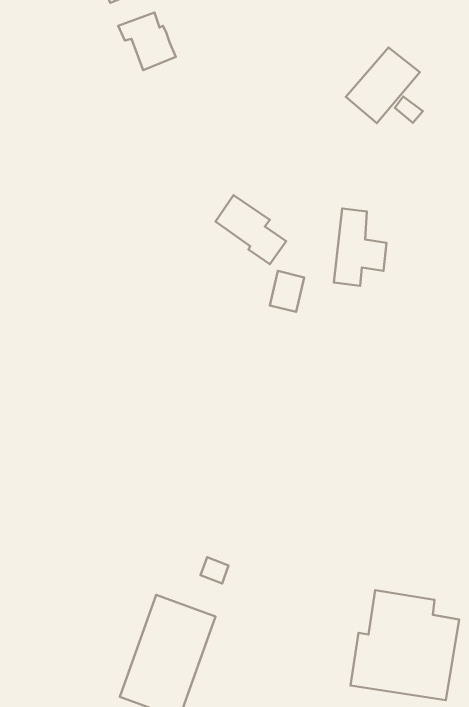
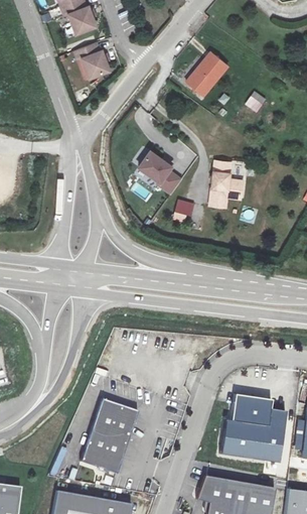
building: [346,47,420,123] -> [184,52,229,99]

